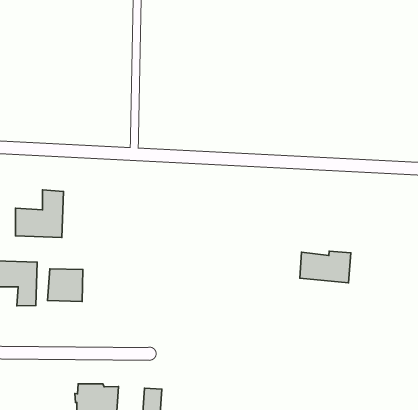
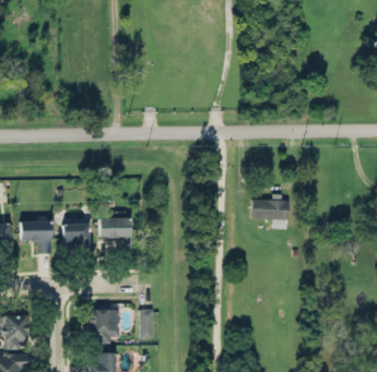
building: [15,190,63,238] -> none
building: none -> [99,217,133,251]

